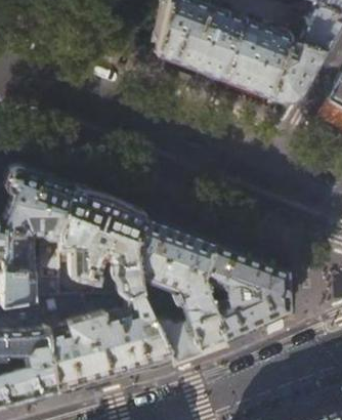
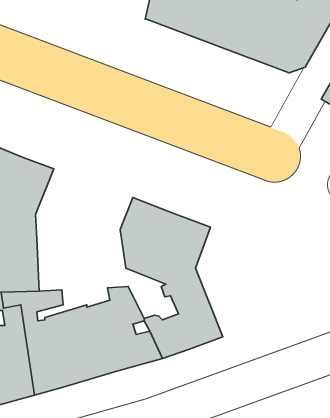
building: [57,190,144,296] -> none
building: [201,242,290,340] -> none

